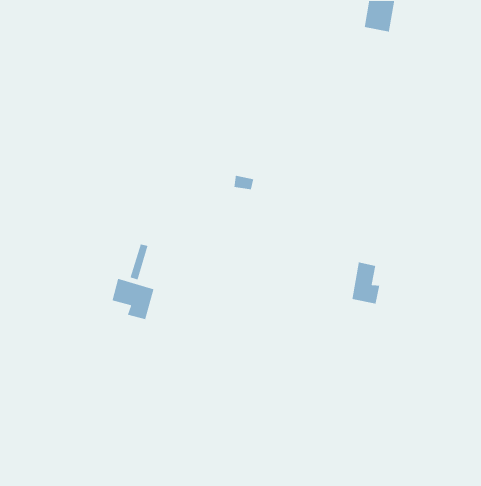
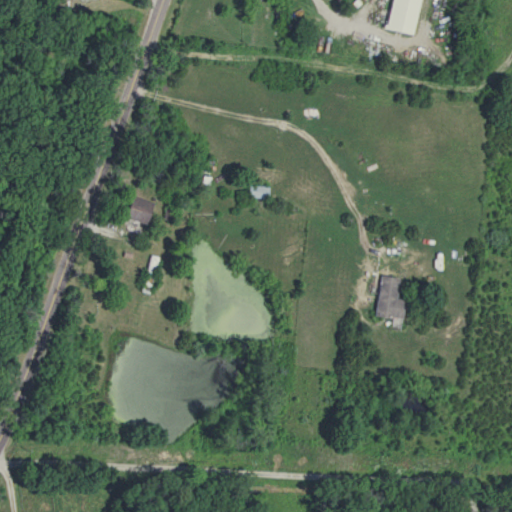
building: none -> [127,197,155,224]
building: [111,278,155,320] -> none

